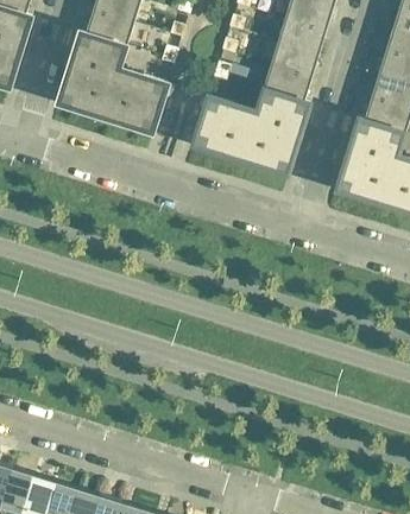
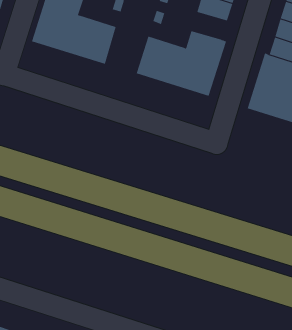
building: [264,64,311,100] -> none

